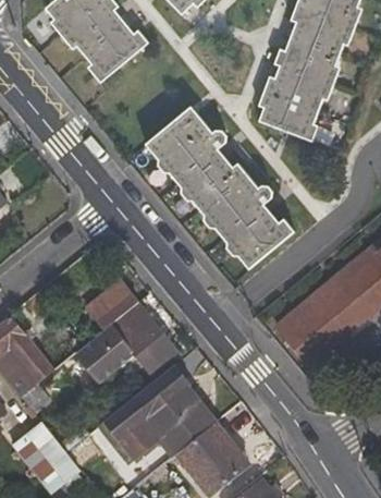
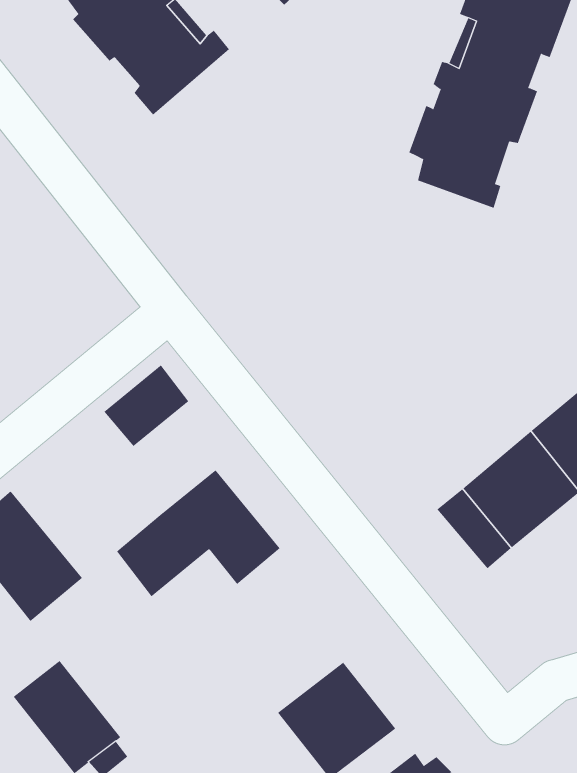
building: [145,108,293,269] -> none
building: [85,280,138,331] -> [104,364,189,447]
building: [105,363,218,459] -> none

